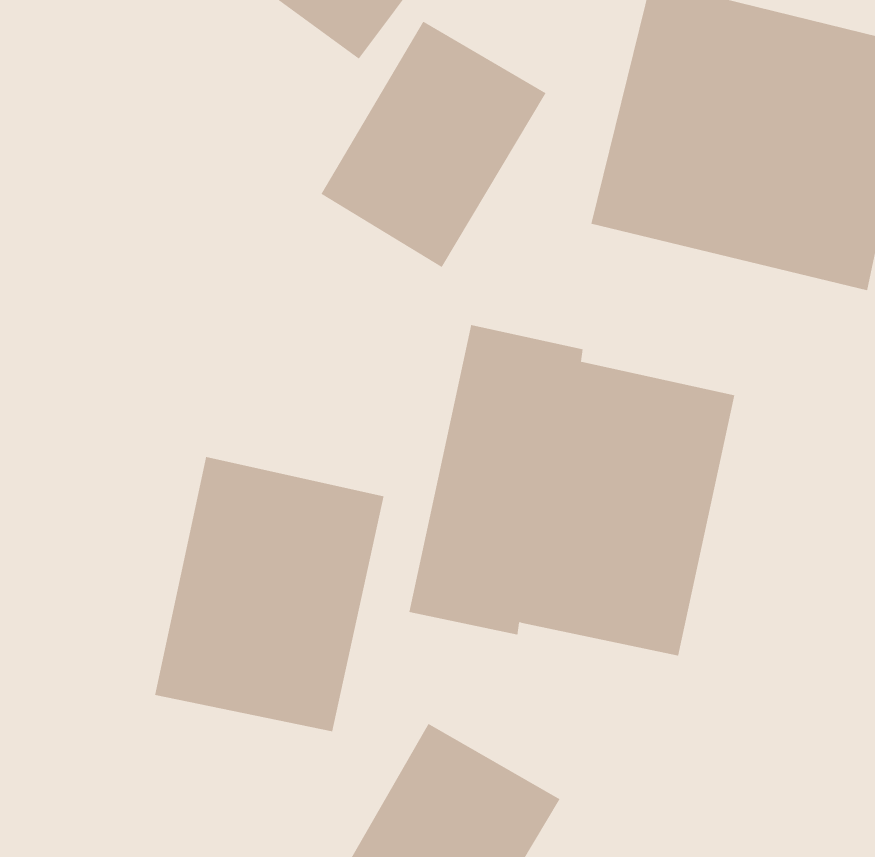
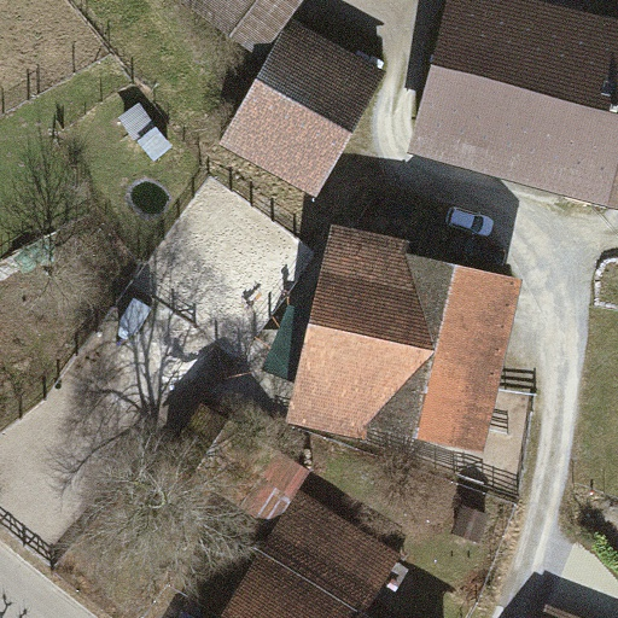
building: [154,456,384,732] -> none

